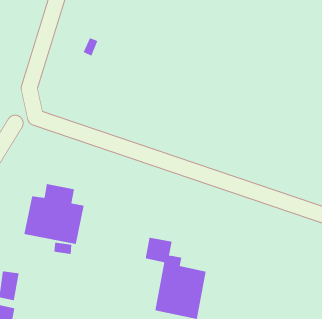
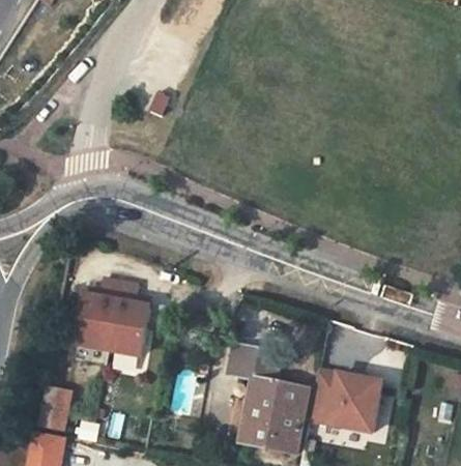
building: none -> [307,369,382,431]

